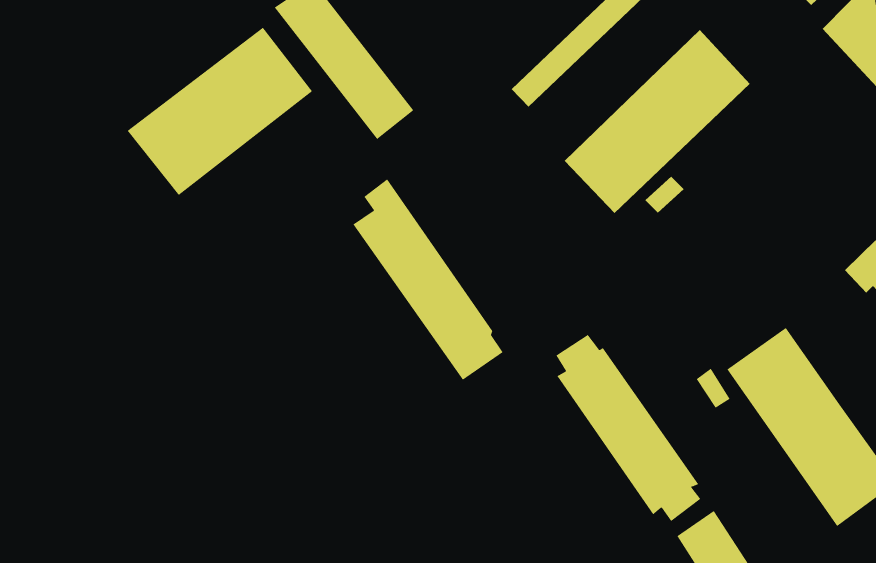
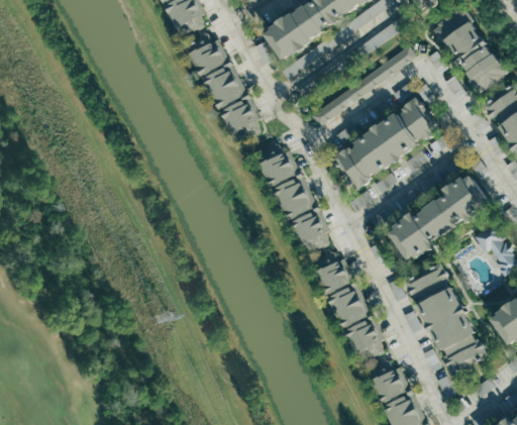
building: [127,27,313,196] -> none
building: none -> [389,176,488,258]
building: [352,178,504,380] -> [257,141,329,255]

